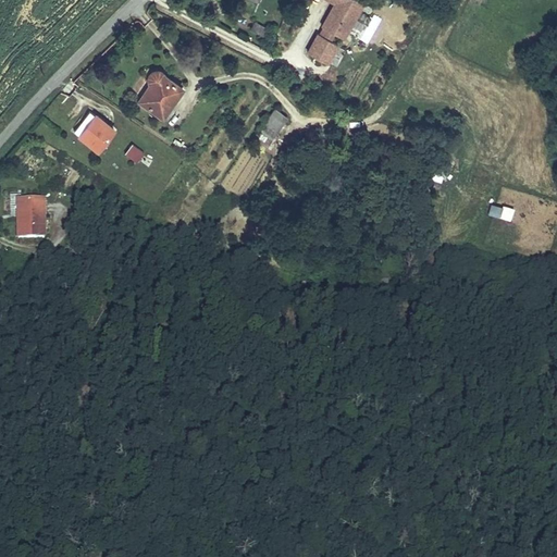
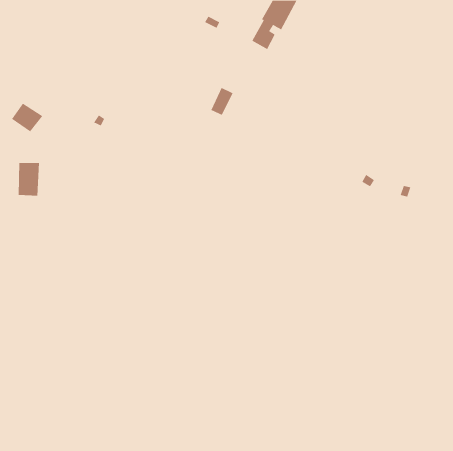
building: [137,67,175,112] -> none
building: [73,113,112,149] -> [11,103,43,132]

